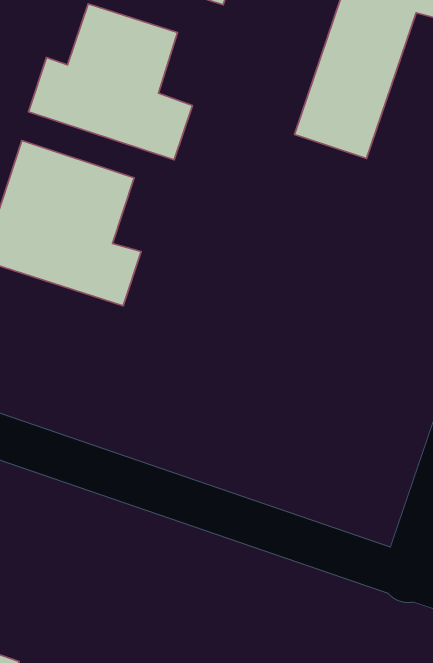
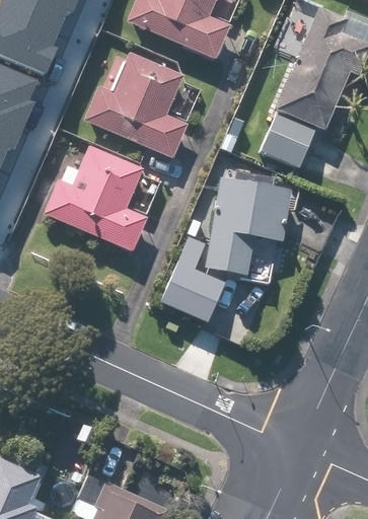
building: none -> [159,178,290,324]

